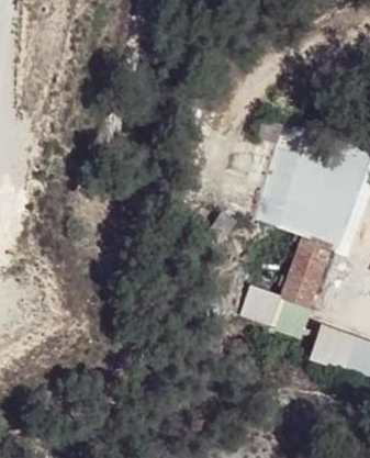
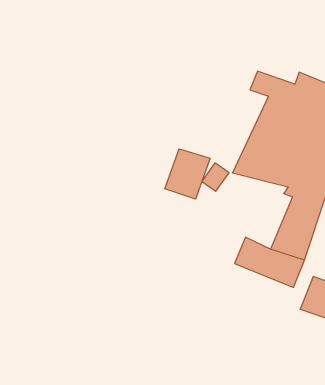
building: none -> [165,149,210,199]

